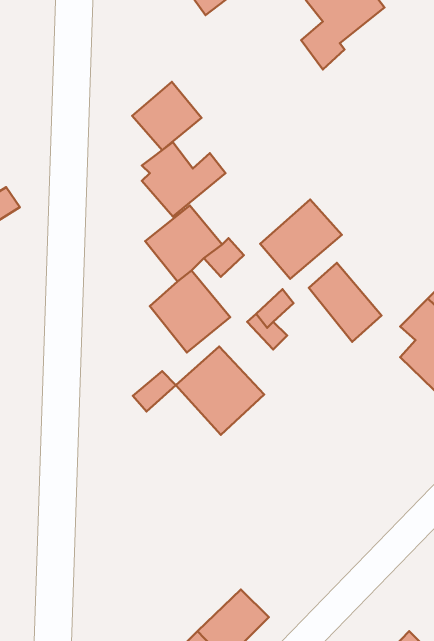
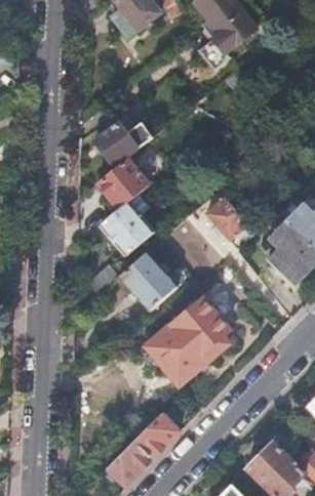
building: [132,82,202,150] -> none
building: [260,200,342,279] -> none
building: none -> [144,299,228,383]

